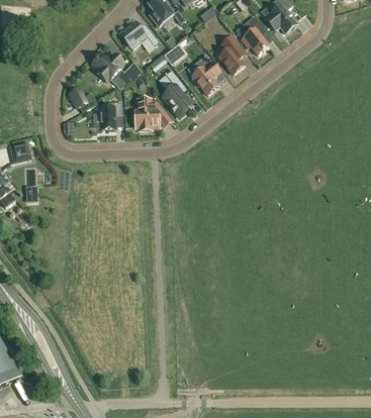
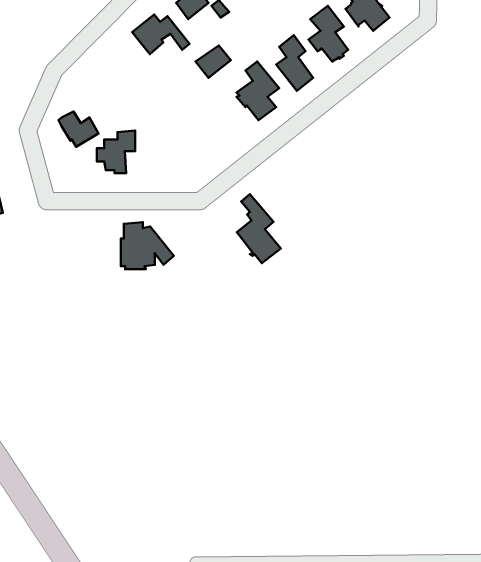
building: [91,51,142,88] -> none
building: [162,69,192,116] -> [237,194,281,263]
building: [134,97,171,129] -> [121,222,174,269]

